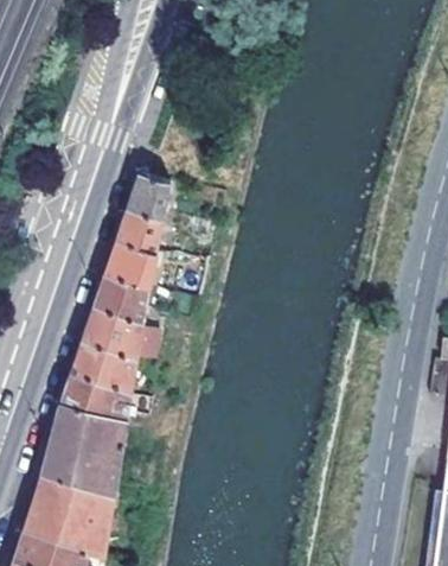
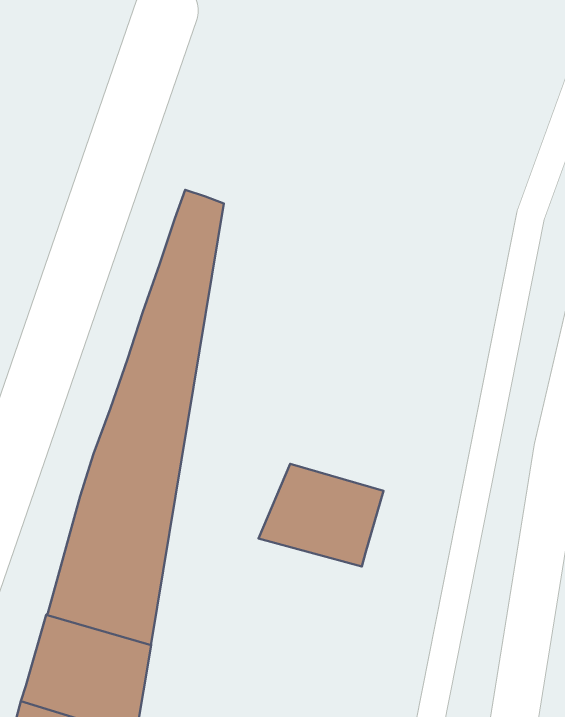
building: none -> [259,464,384,567]

